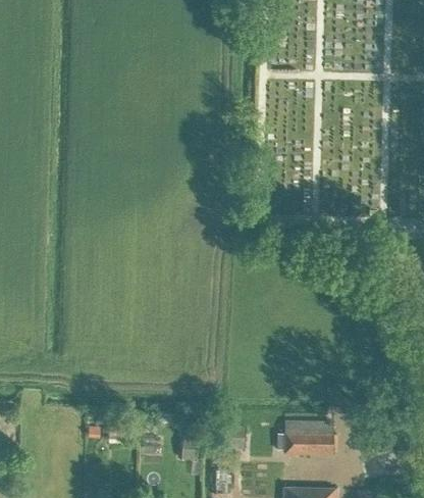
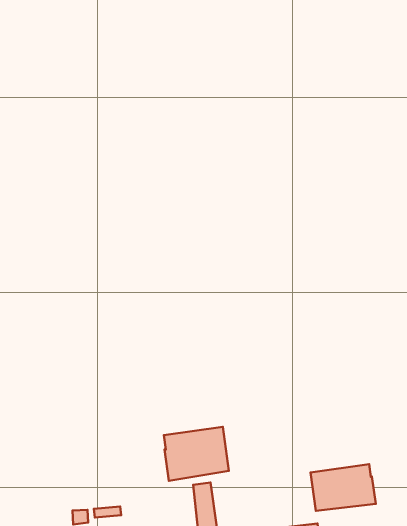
building: none -> [164,427,229,481]

